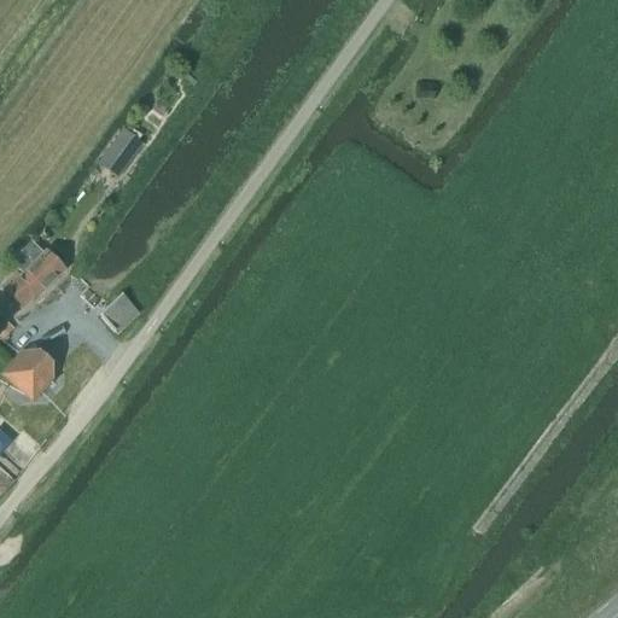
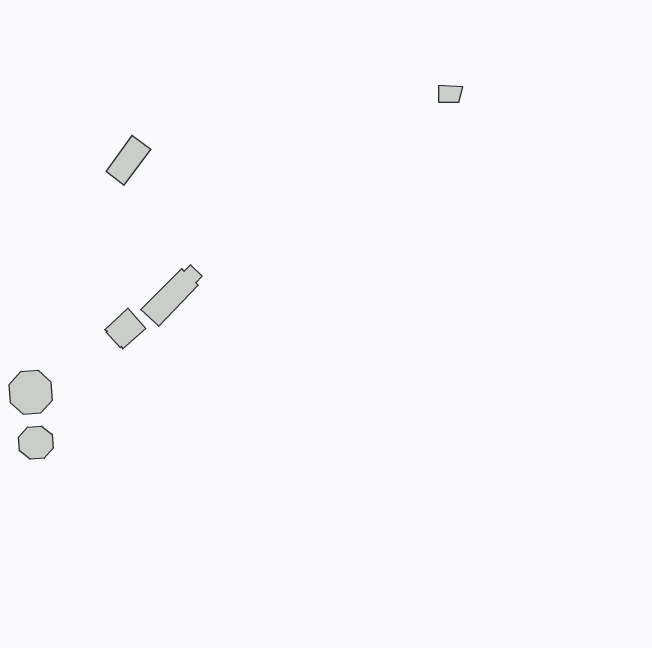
building: [8,246,66,304] -> [141,265,202,326]
building: none -> [19,426,53,459]

